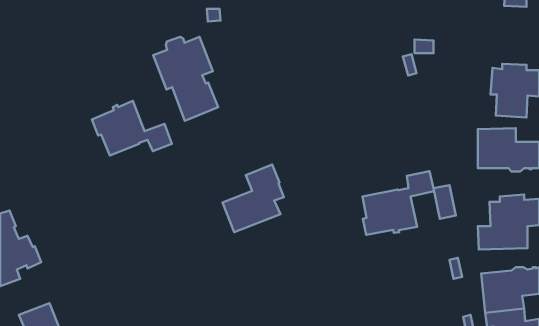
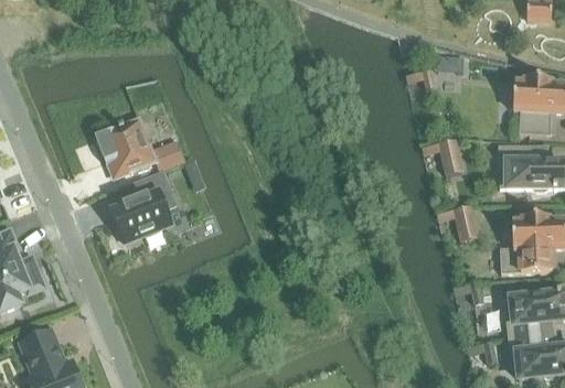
building: [153,37,218,121] -> none
building: none -> [438,139,463,174]
building: [223,165,284,232] -> [111,170,175,240]
building: [362,171,434,235] -> none

